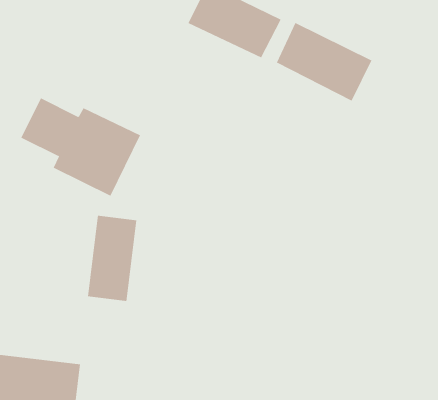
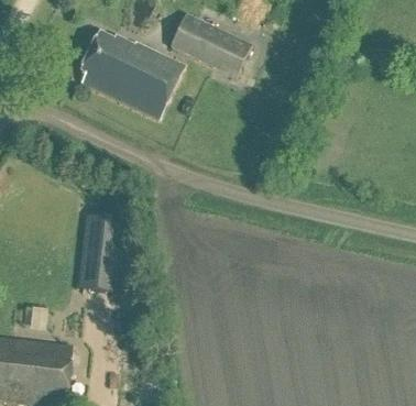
building: [276,22,372,102] -> none
building: [20,98,141,197] -> [79,33,185,120]

